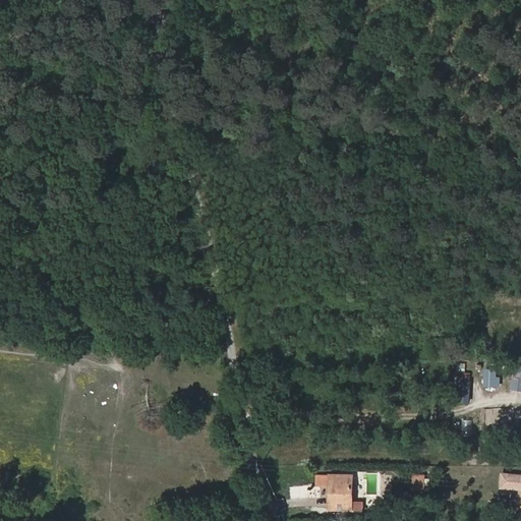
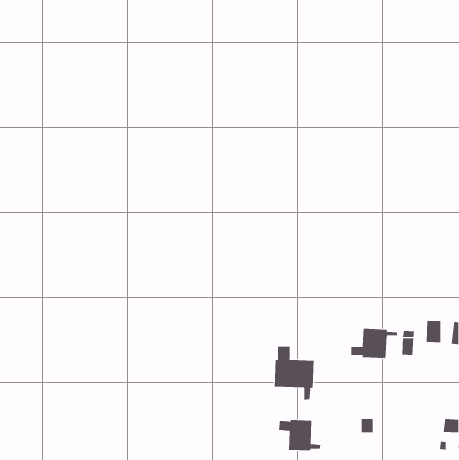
building: none -> [351,328,398,359]
building: none -> [274,346,314,401]

